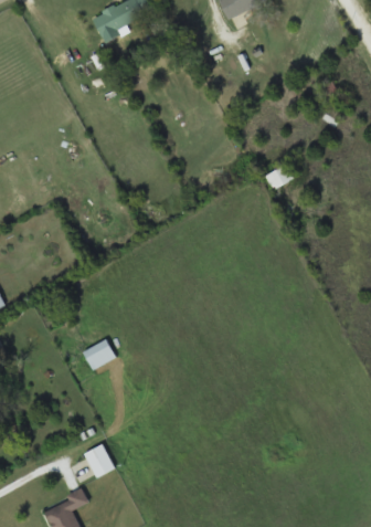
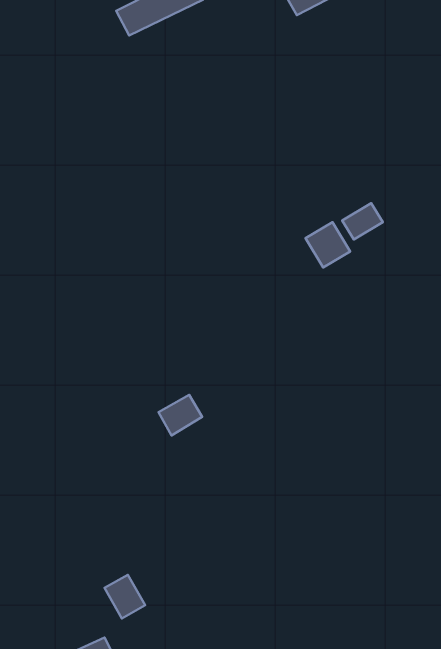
building: none -> [306,222,350,268]
building: [82,339,115,370] -> [158,395,202,436]

